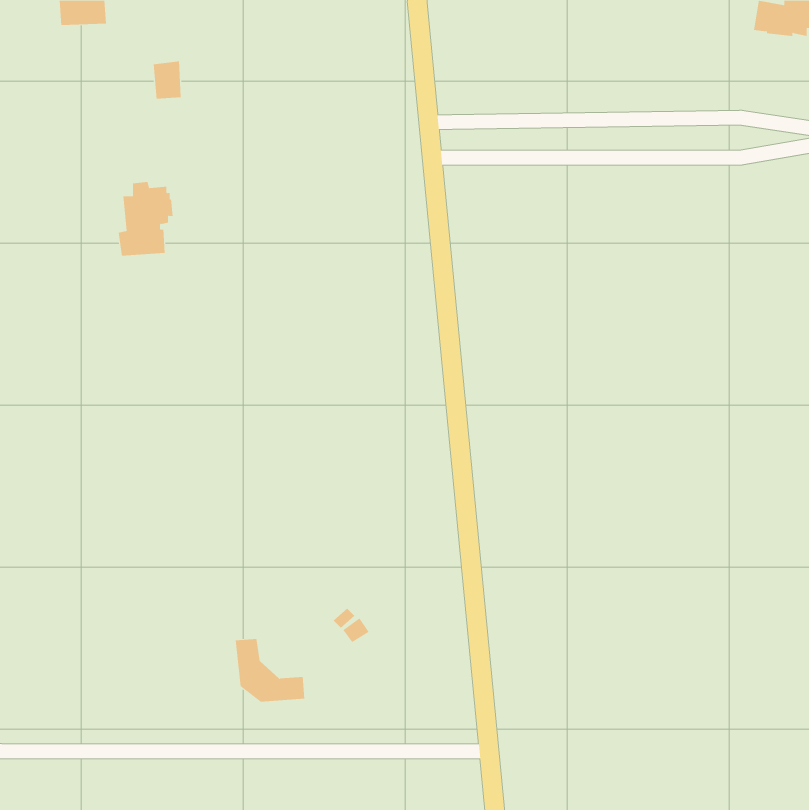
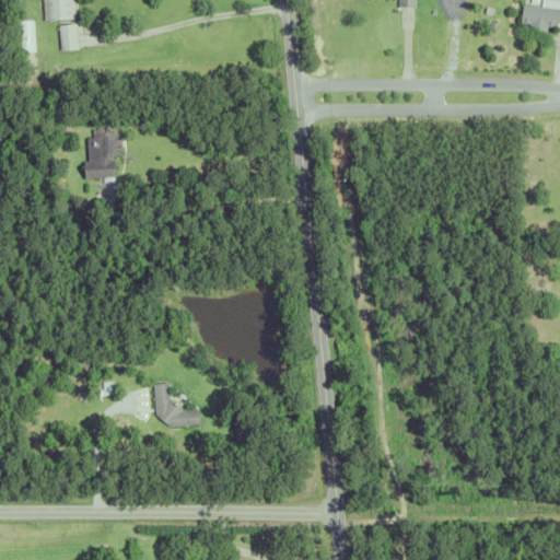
building: [153,61,181,99] -> [59,23,79,49]
building: [235,638,305,702] -> [153,383,201,427]

